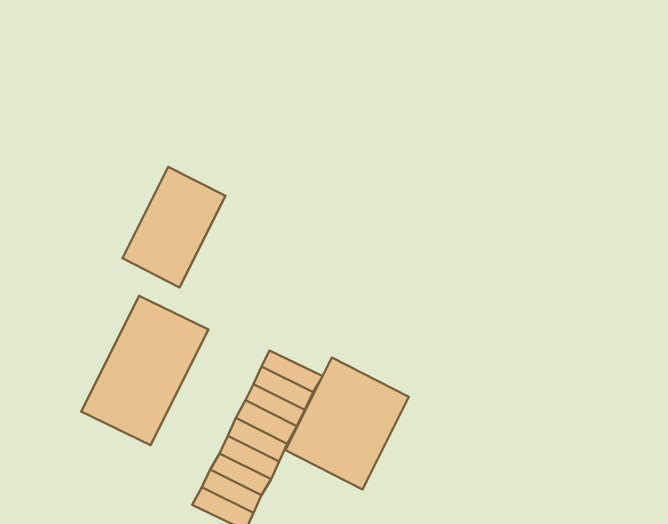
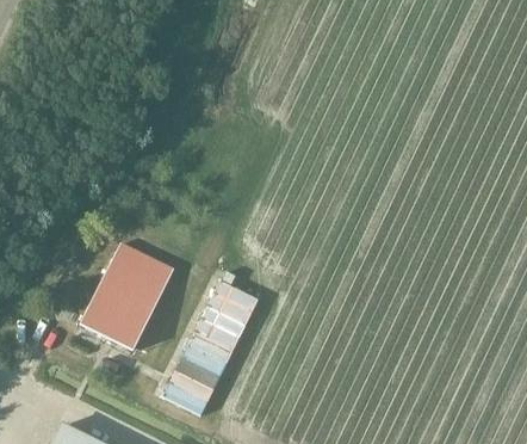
building: [123,167,225,287] -> none
building: [286,358,409,489] -> none

